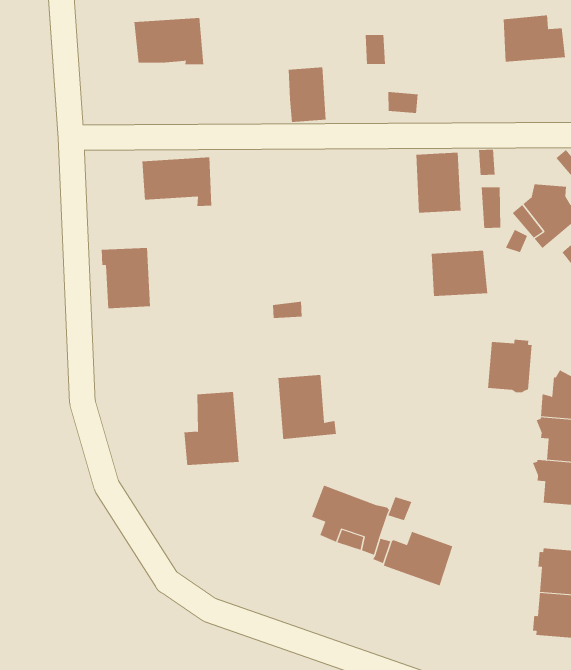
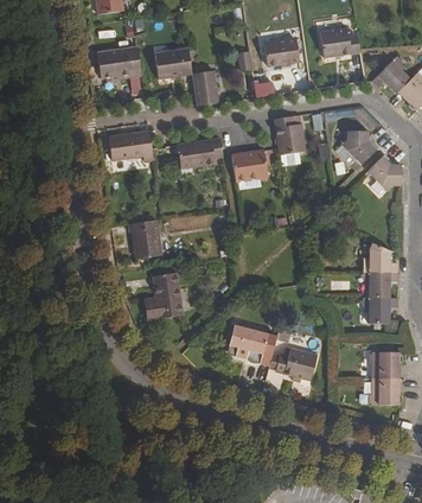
building: none -> [154,47,192,78]
building: none -> [263,39,299,65]
building: none -> [178,139,223,167]
building: [101,248,151,309] -> [128,219,161,259]
building: [431,250,488,297] -> [231,149,268,180]
building: [488,339,532,393] -> none
building: [278,374,336,440] -> none

